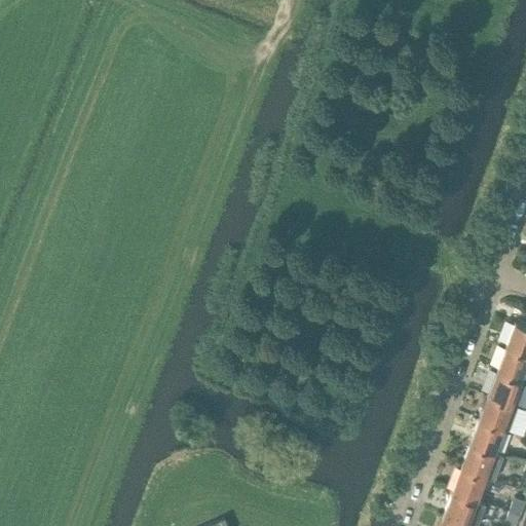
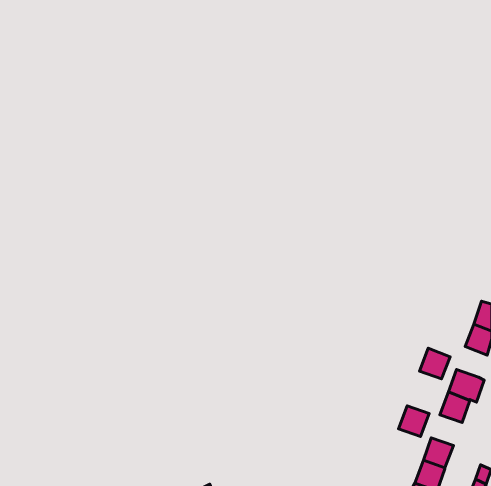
building: [488,376,521,409] -> [419,348,450,379]
building: [461,449,494,482] -> [398,406,429,437]

